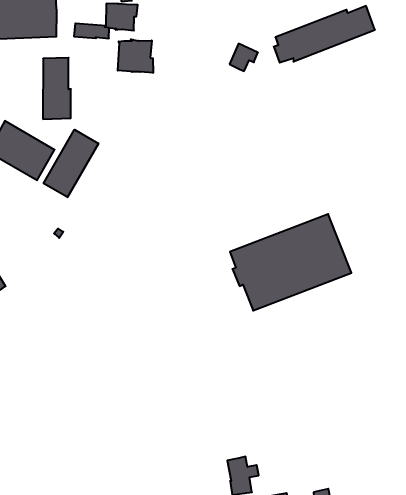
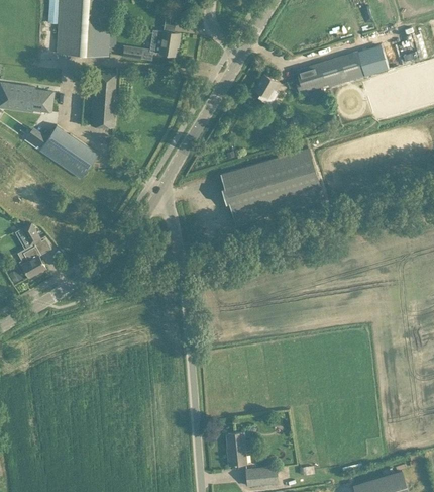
building: [118,39,153,73] -> none
building: [44,130,98,197] -> none
building: [230,214,351,311] -> [219,147,323,226]

